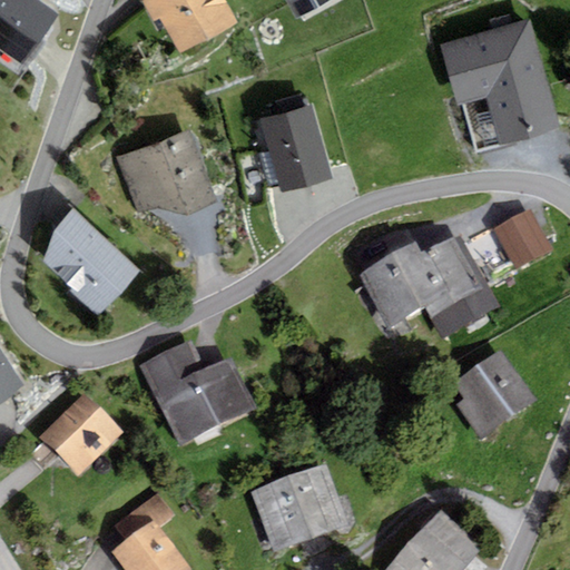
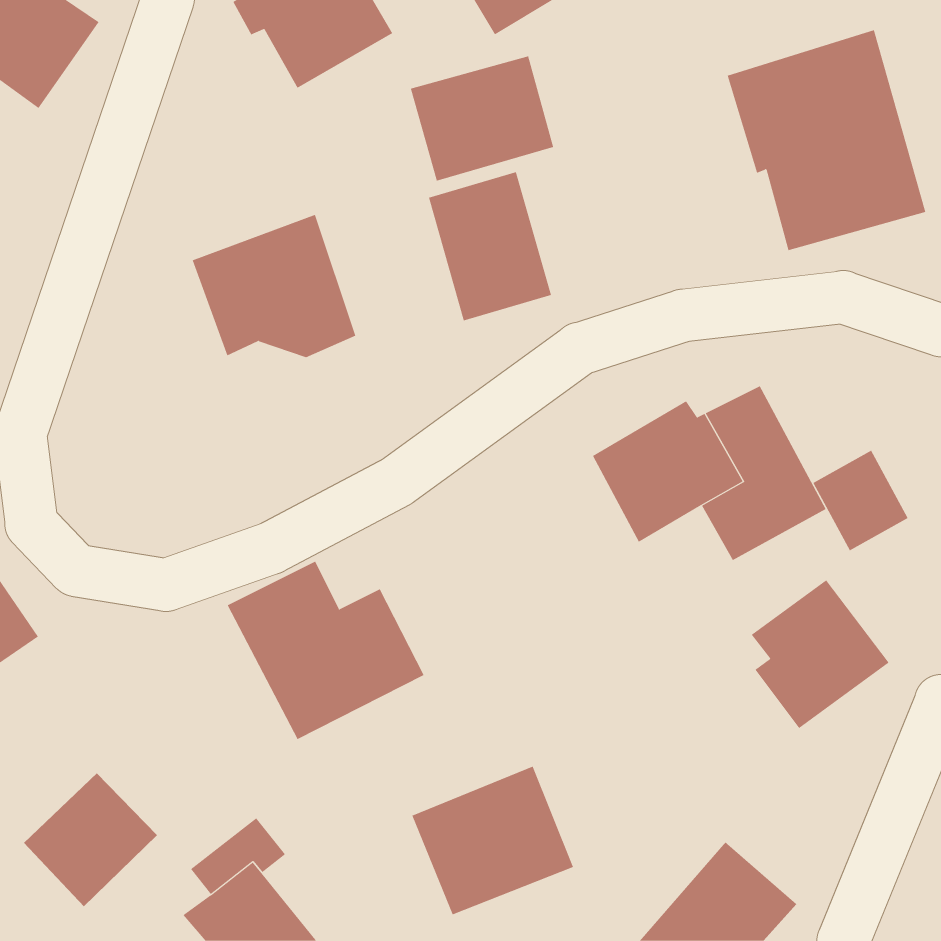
building: none -> [410,56,554,181]
building: [42,208,138,314] -> none
building: [493,208,551,269] -> [812,450,908,551]
building: [41,393,122,474] -> [23,773,158,907]

